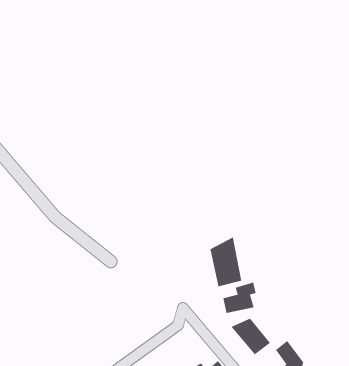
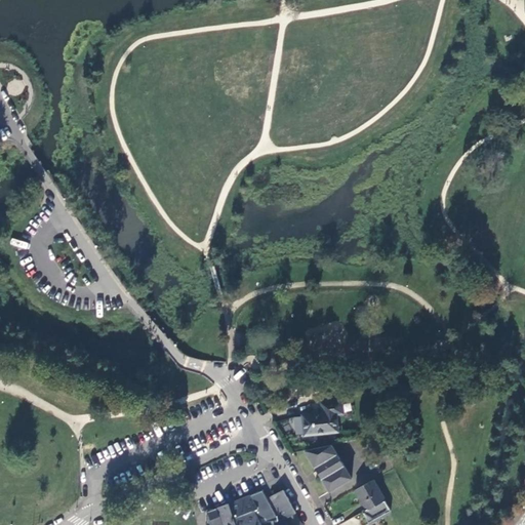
building: [210,236,242,287] -> none

